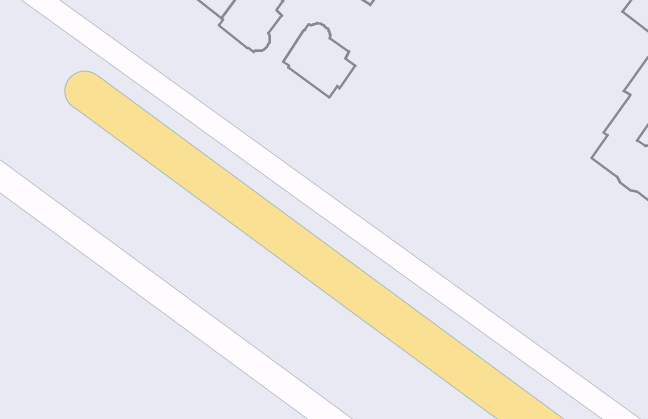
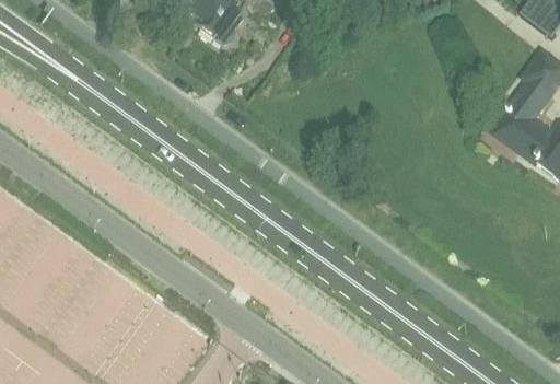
building: [283,23,355,97] -> none

